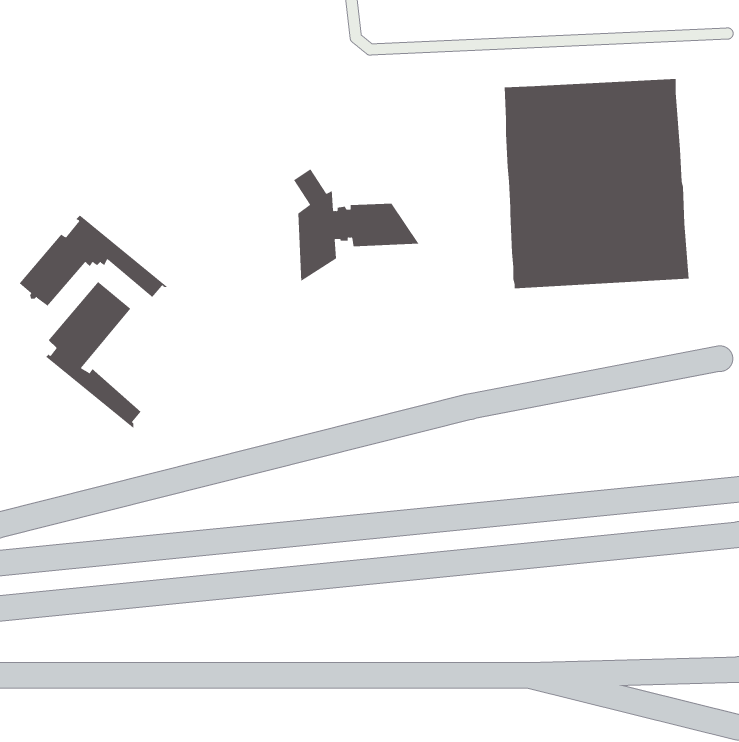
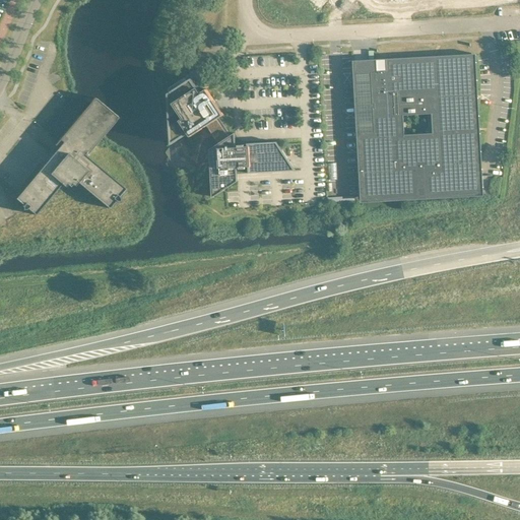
building: none -> [167,78,221,144]
building: [46,281,141,429] -> [56,98,123,201]

